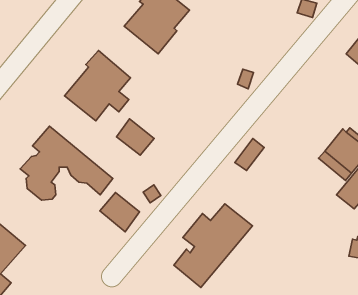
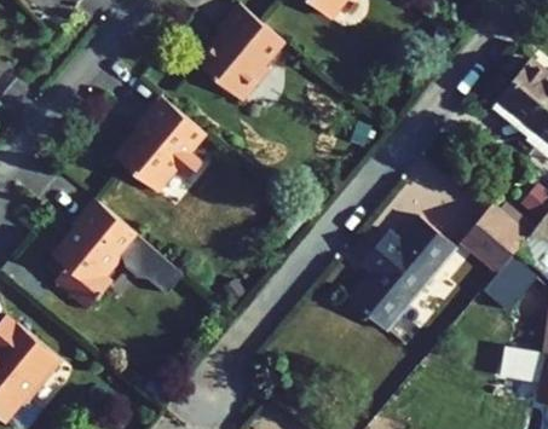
building: [117,119,154,155] -> none
building: [100,193,140,232] -> none
building: [174,204,252,287] -> [351,218,457,331]

